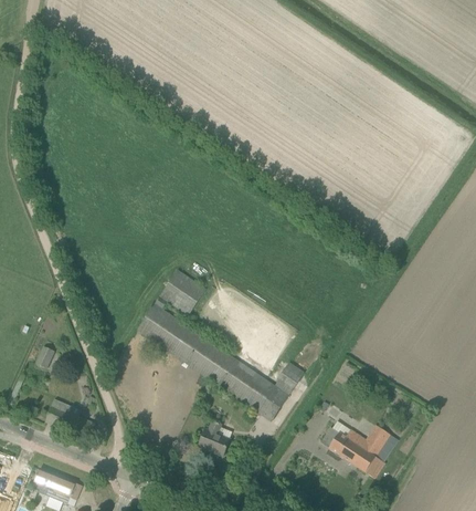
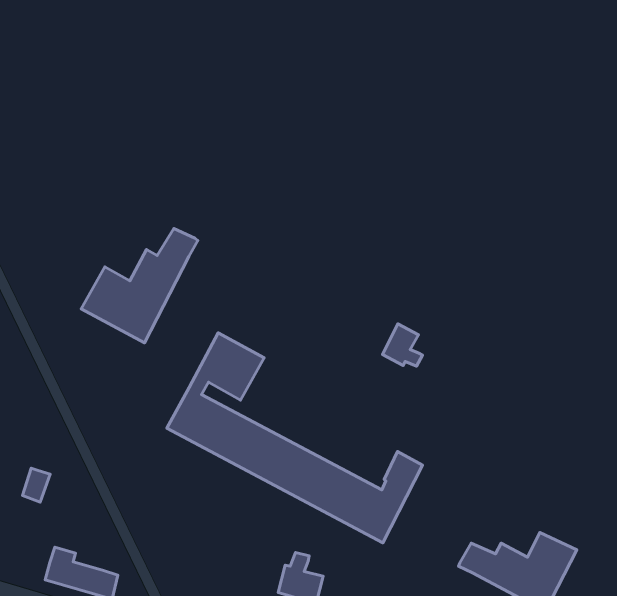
building: none -> [81,228,198,343]
building: none -> [382,324,423,366]

